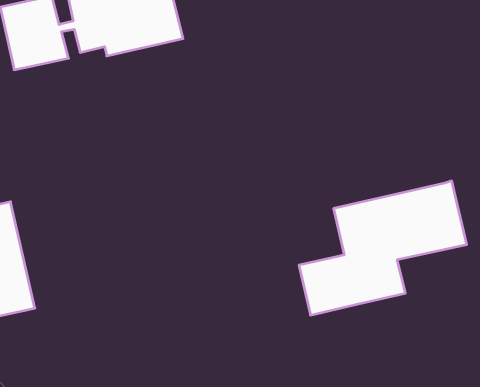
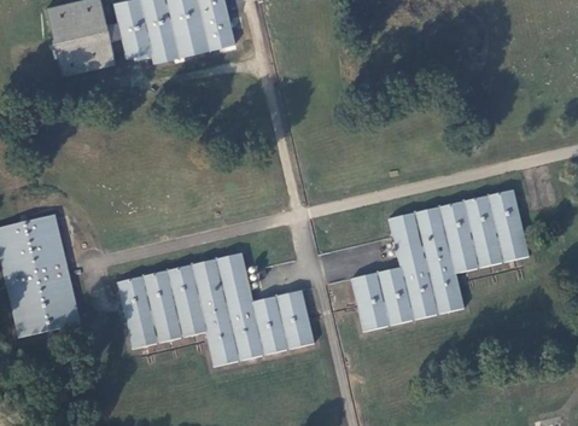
building: none -> [118,253,313,366]

